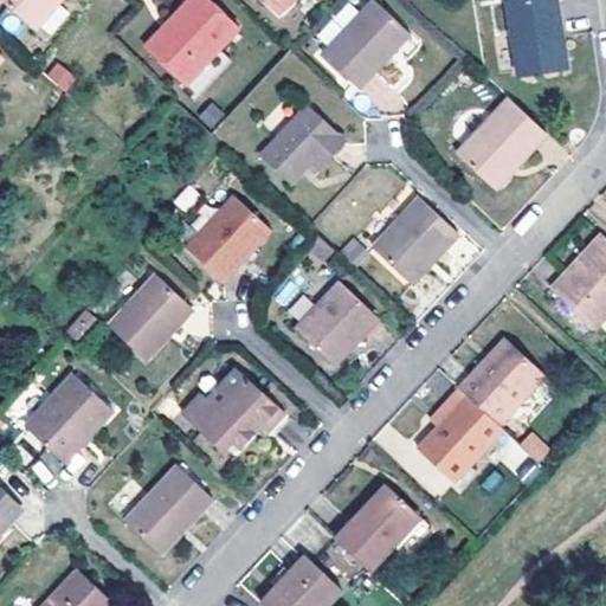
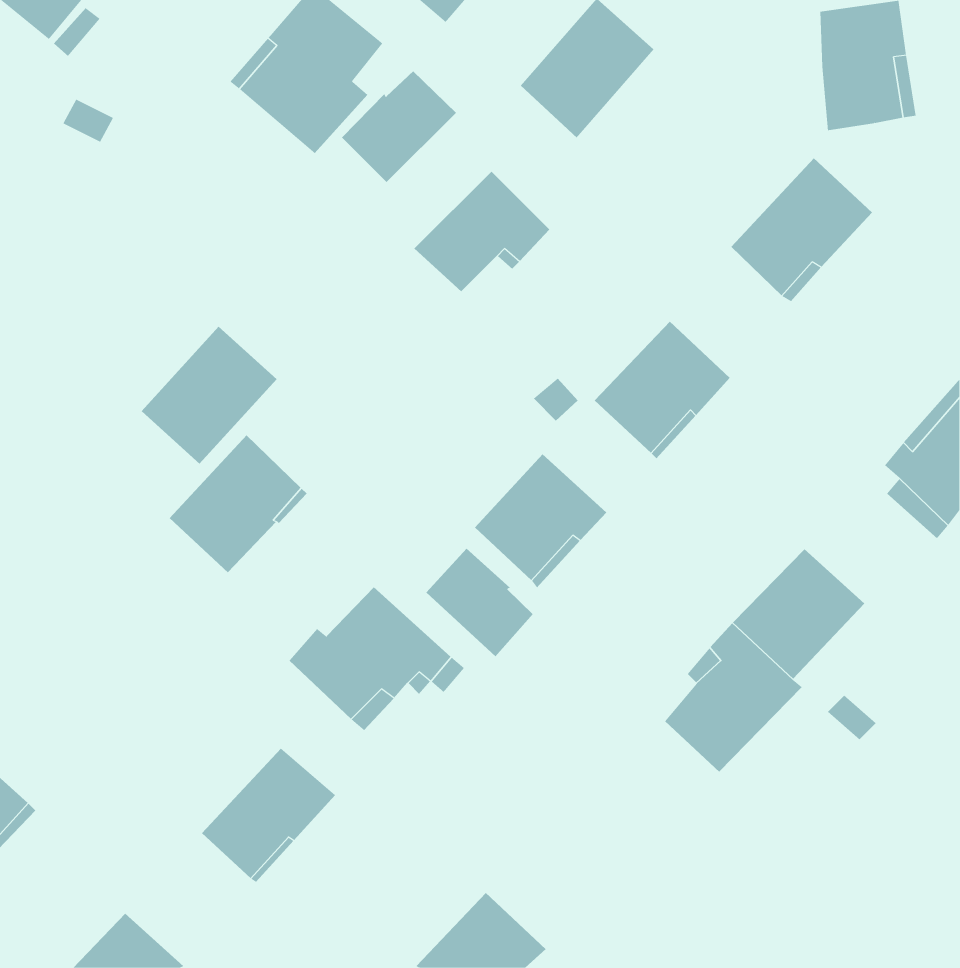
building: none -> [341,70,457,183]
building: [186,194,271,281] -> [141,326,277,464]
building: none -> [426,548,534,657]
building: [25,372,110,459] -> none
building: [336,485,419,570] -> none

